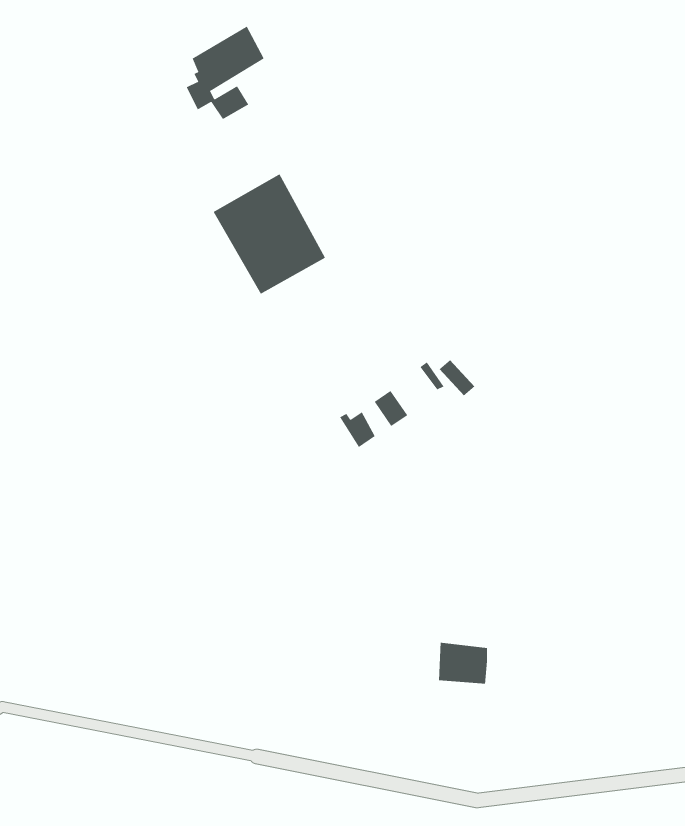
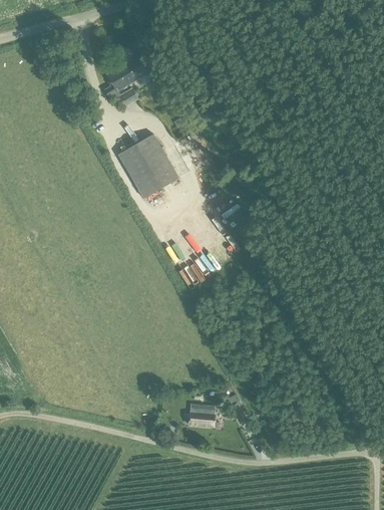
building: [438,642,488,684] -> [189,405,216,427]

